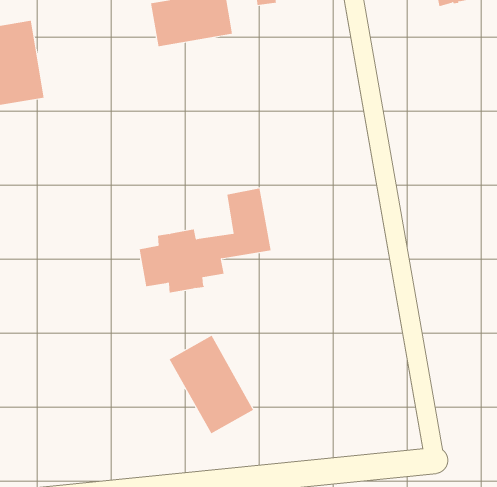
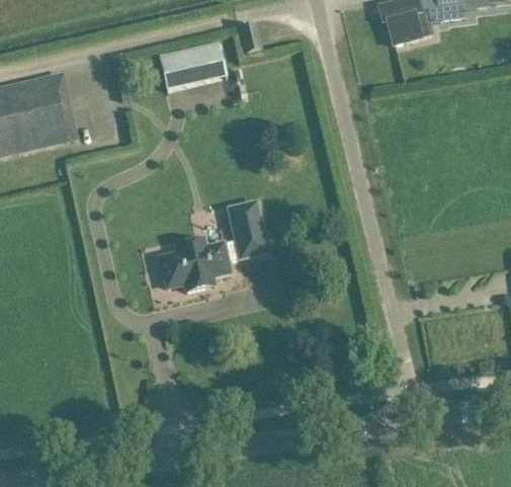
building: [169,335,254,434] -> none

